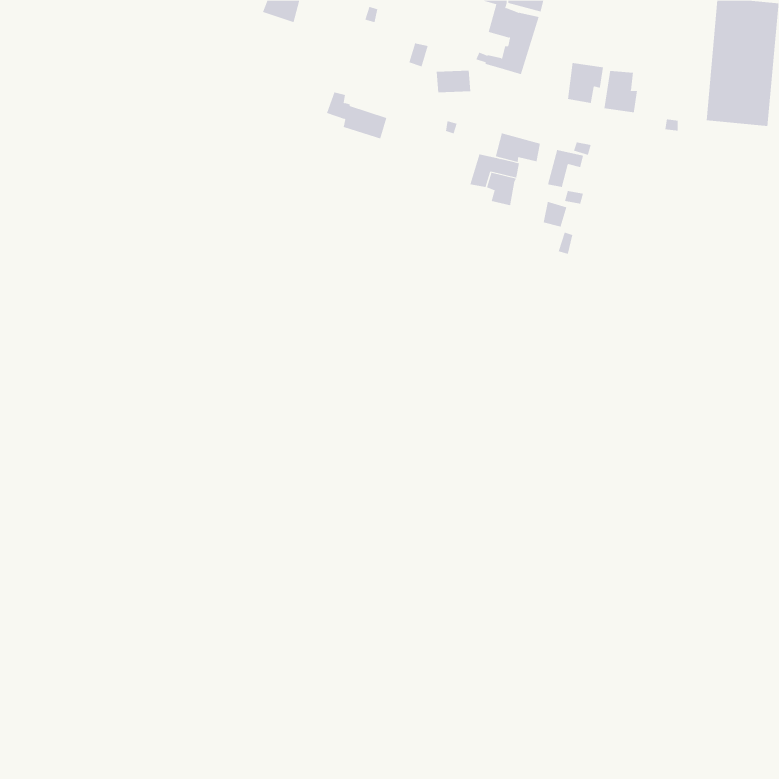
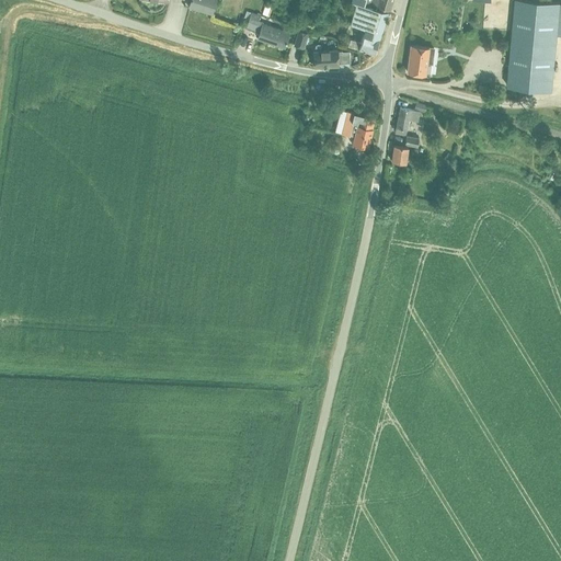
building: [604,70,637,113] -> none
building: [326,92,387,139] -> [245,13,289,47]
building: [495,133,540,163] -> none

